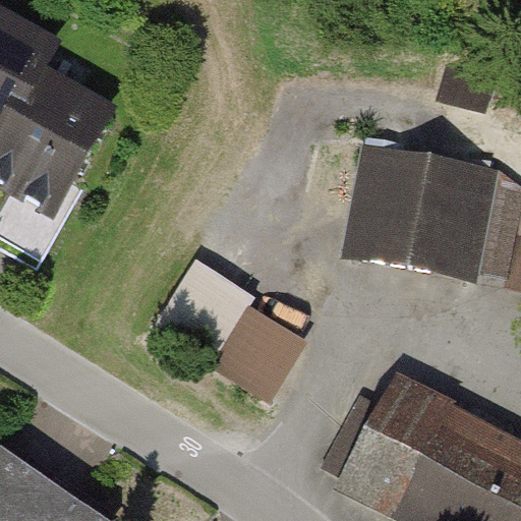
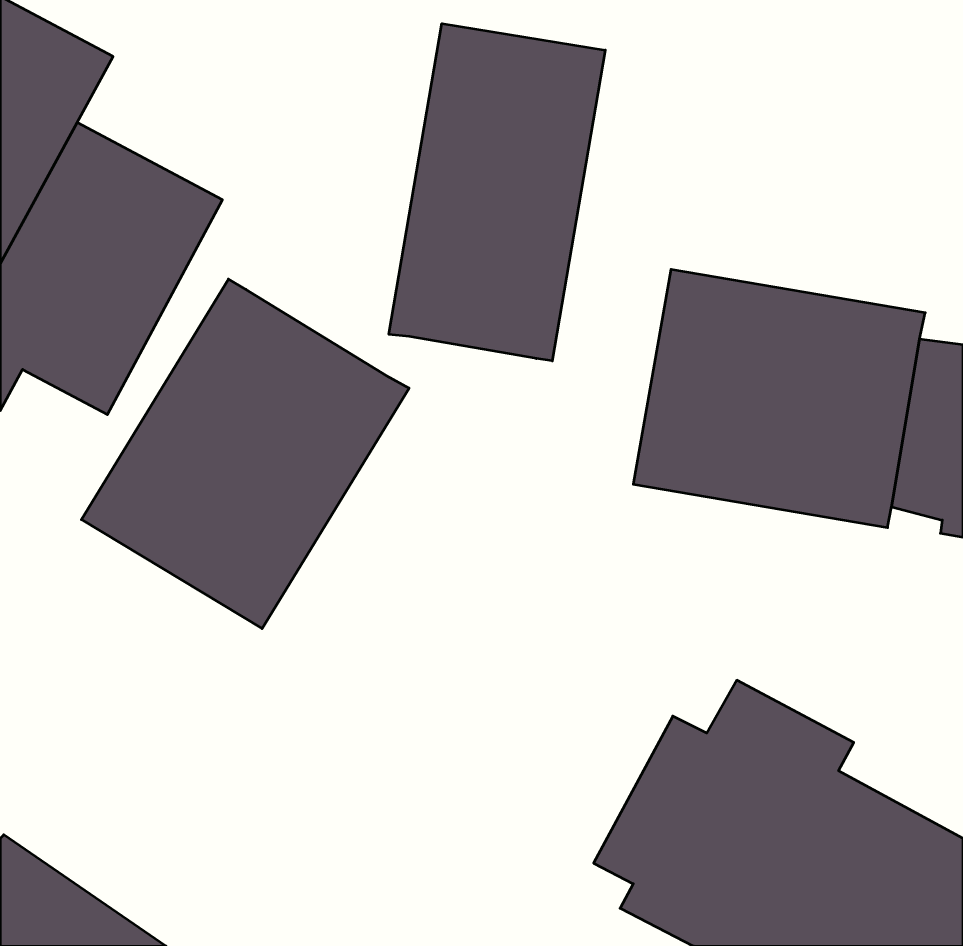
building: none -> [389,24,605,361]
building: none -> [81,279,409,629]
building: [153,258,311,405] -> none

